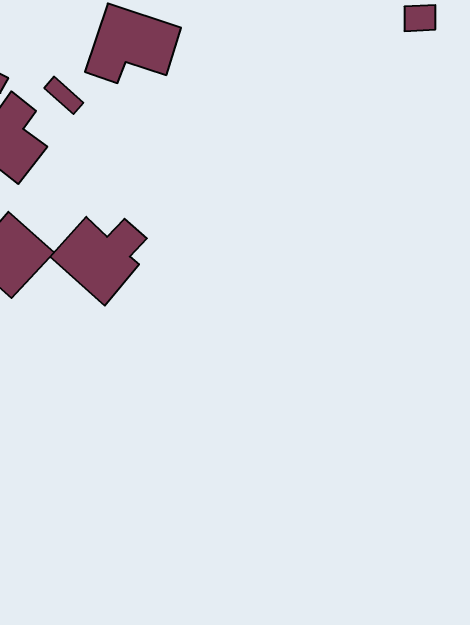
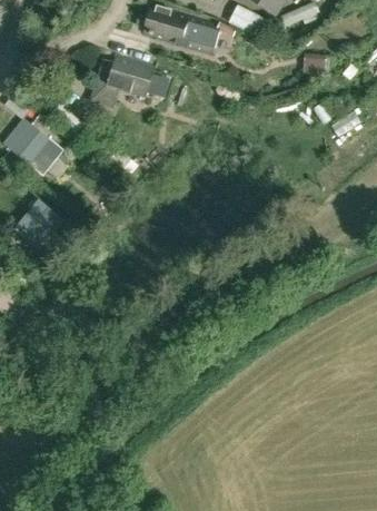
building: [50,217,147,306] -> none

